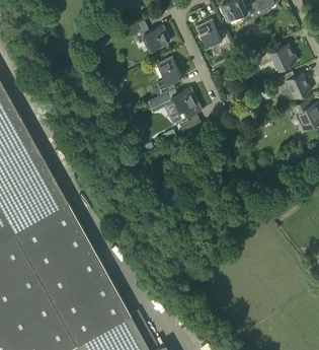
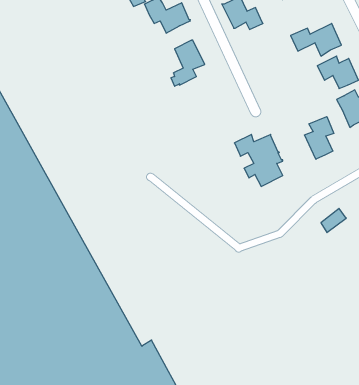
building: [160,87,201,131] -> [234,134,283,186]
building: none -> [304,117,334,159]

